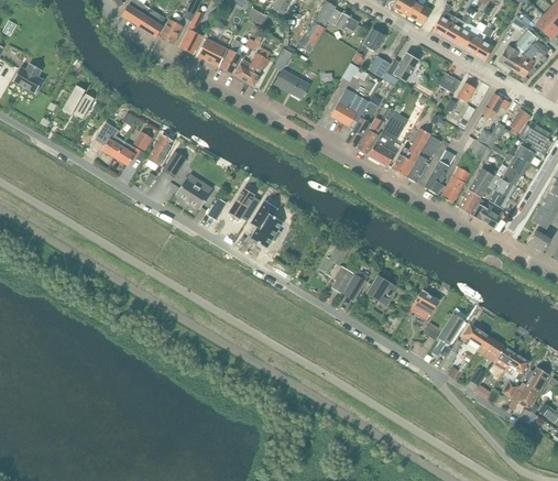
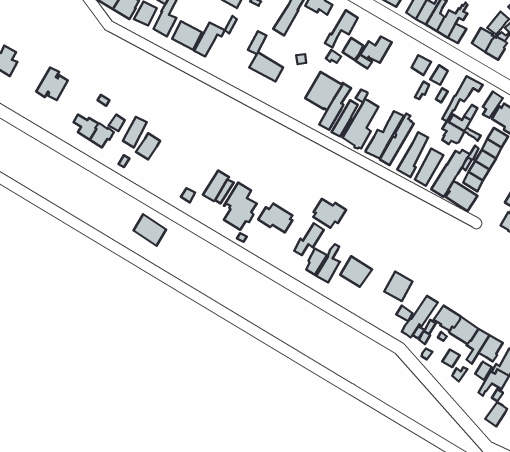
building: [233,47,271,86] -> none
building: [176,178,209,210] -> [133,214,166,246]
building: none -> [313,199,346,228]
building: none -> [258,203,292,233]

